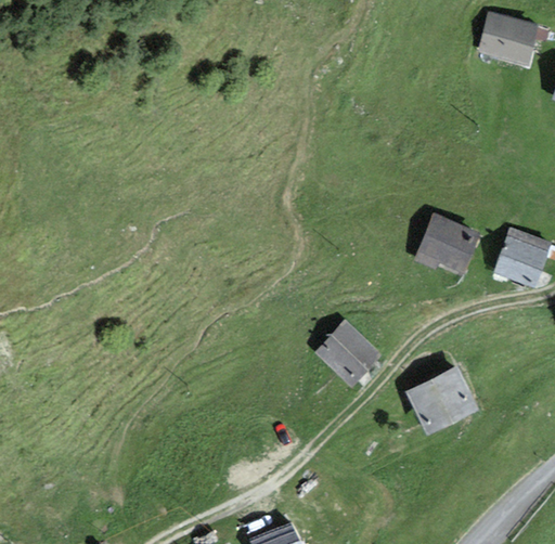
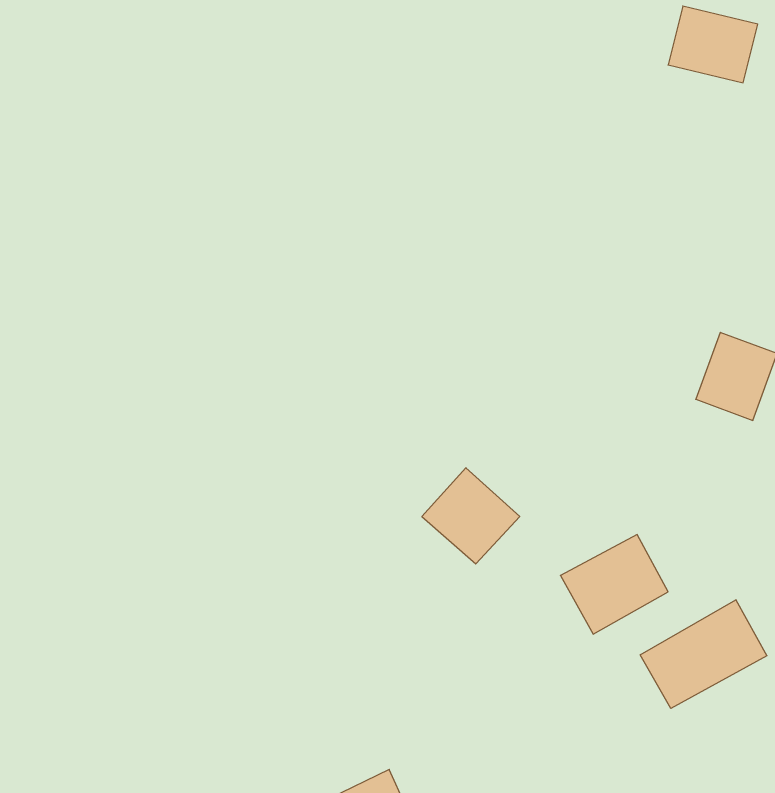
building: [416,217,478,277] -> none
building: none -> [640,600,767,708]

